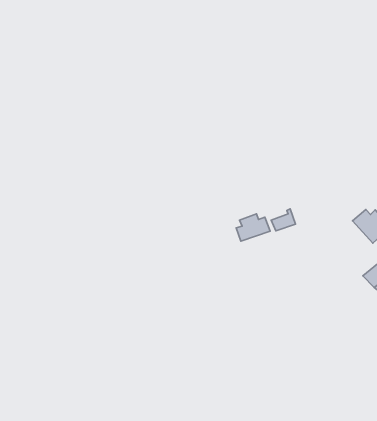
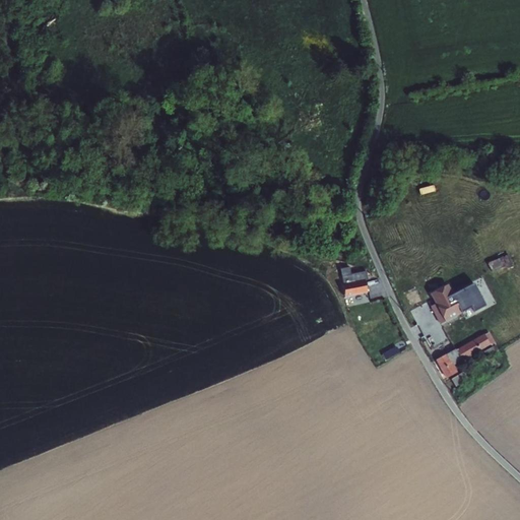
building: [236,214,270,241] -> none

